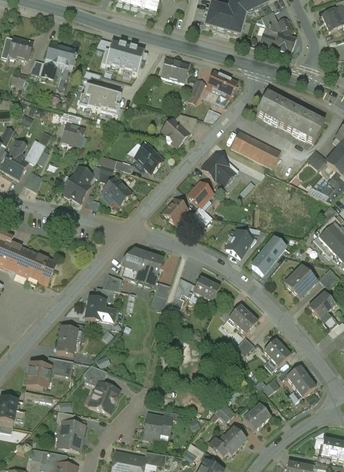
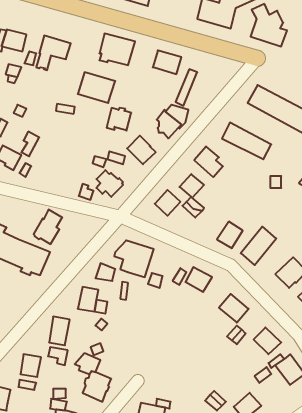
building: [206,71,236,99] -> none
building: [61,123,86,146] -> [107,108,131,131]
building: [64,165,93,200] -> [34,210,62,244]

